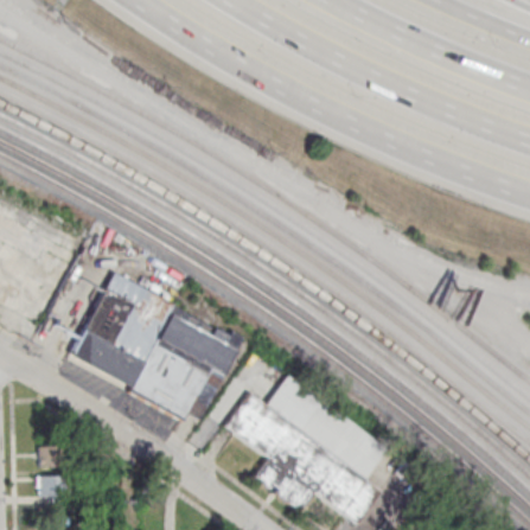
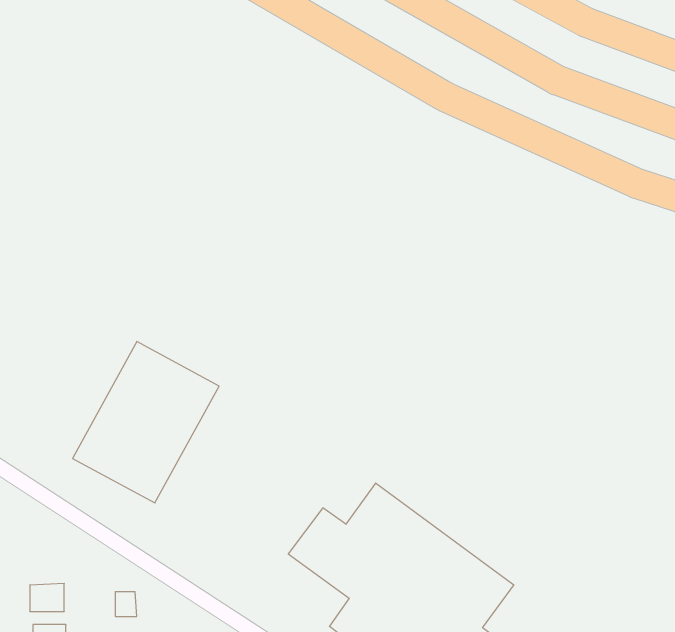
building: [129,317,235,420] -> none

